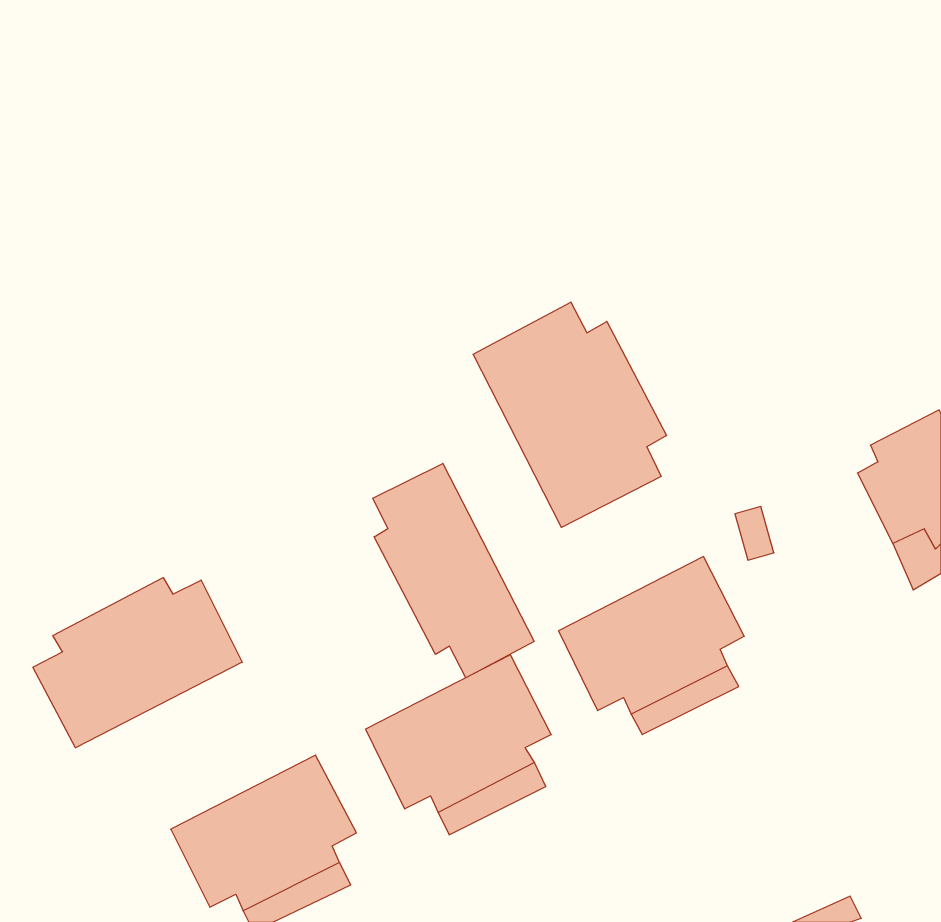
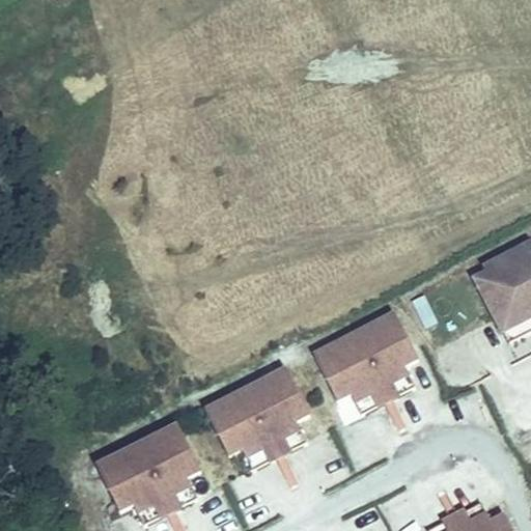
building: [473,302,667,527] -> none
building: [373,463,534,678] -> none
building: [33,578,242,748] -> none

